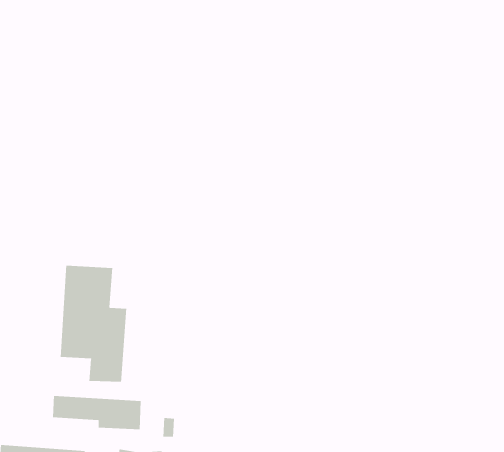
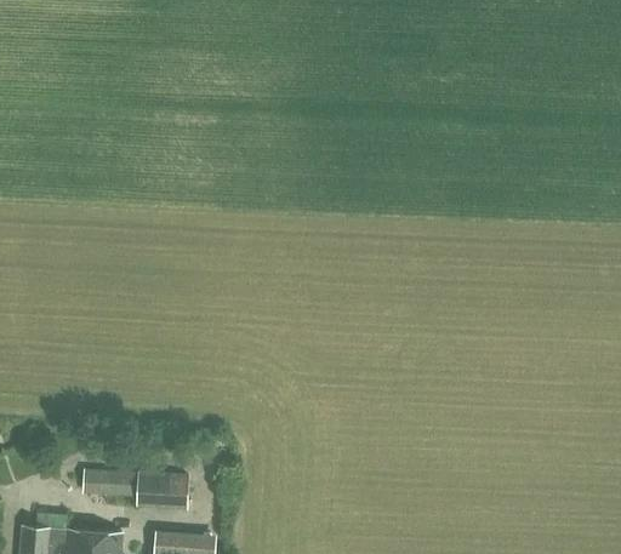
building: [60,265,127,383] -> none

